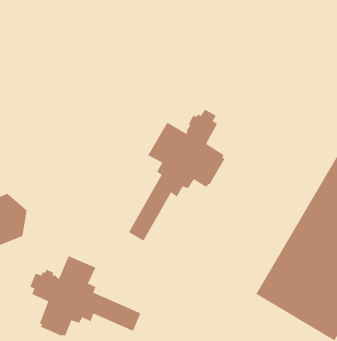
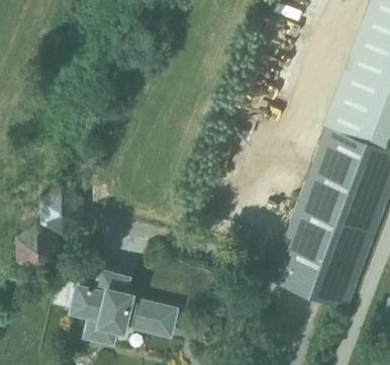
building: [128,109,225,241] -> none
building: none -> [38,184,84,235]

